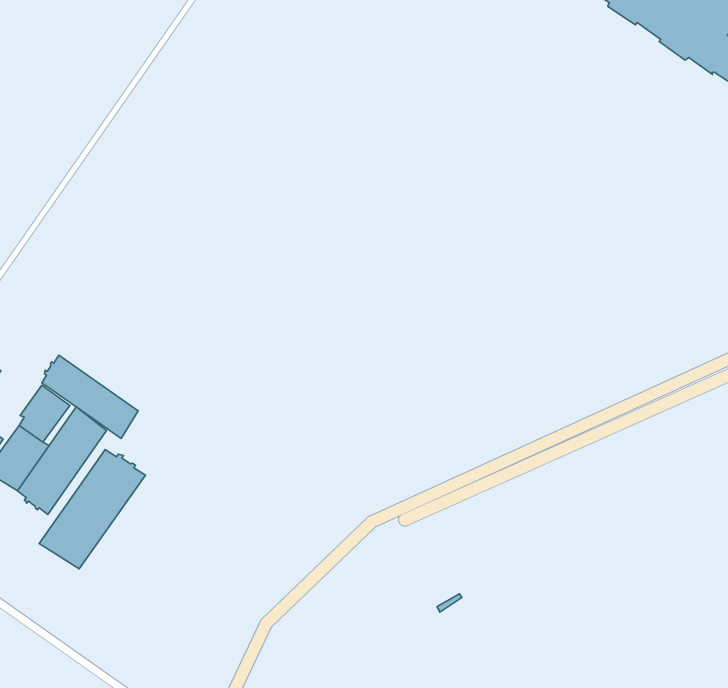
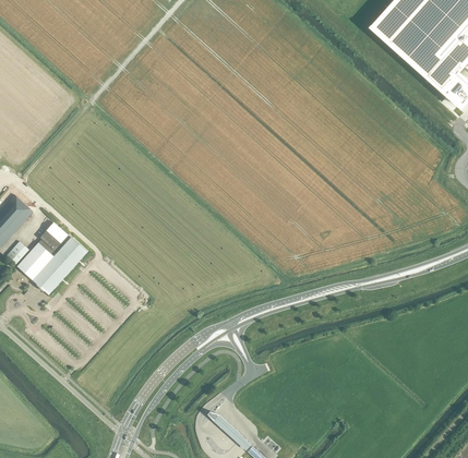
building: [42,355,138,438] -> none
building: [39,450,145,569] -> none

